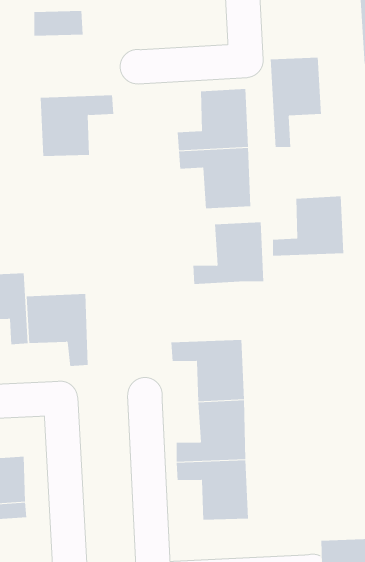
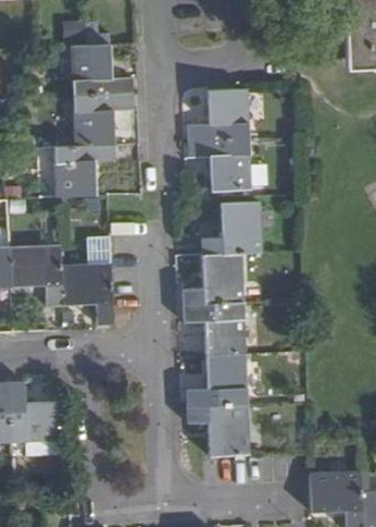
building: none -> [68,45,133,96]
building: [270,57,322,148] -> none
building: none -> [52,145,114,197]
building: [272,196,344,256] -> [181,253,242,304]

